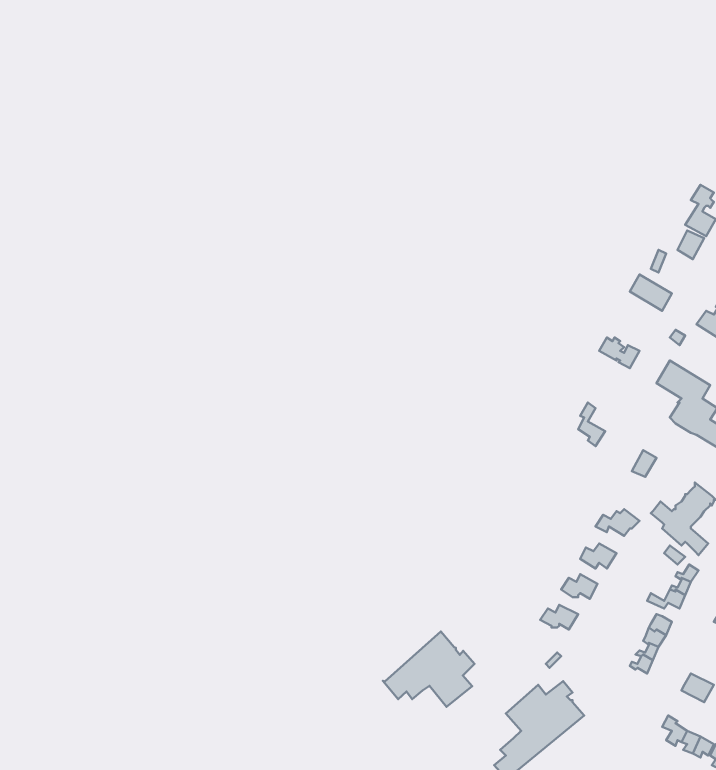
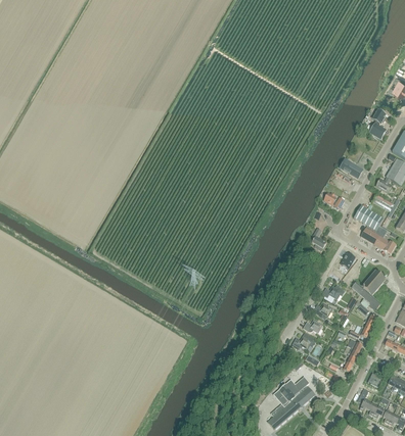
building: [383,632,475,707] -> none

